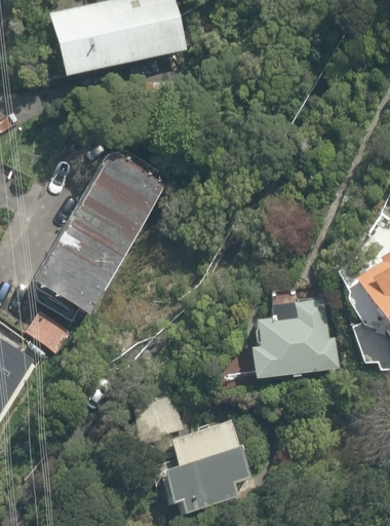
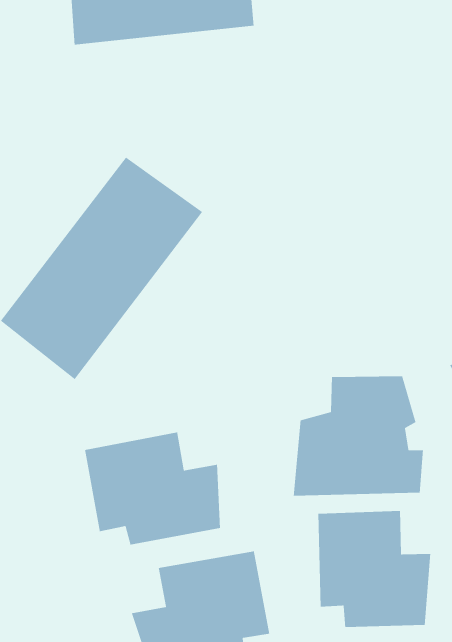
building: none -> [84,431,221,545]
building: none -> [318,510,431,628]

